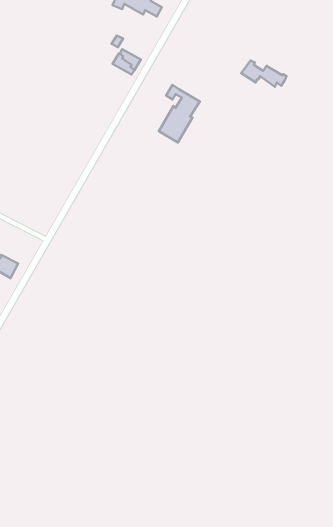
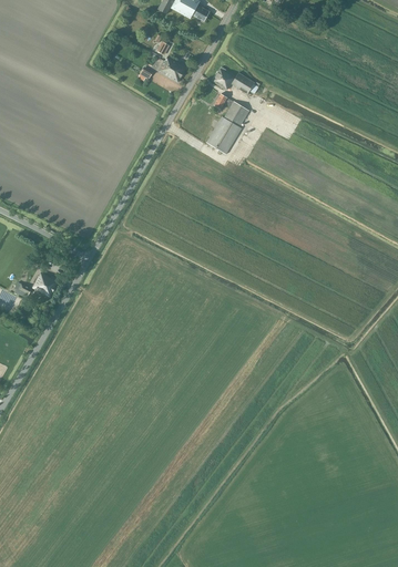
building: [241,60,286,87] -> [211,66,258,94]

